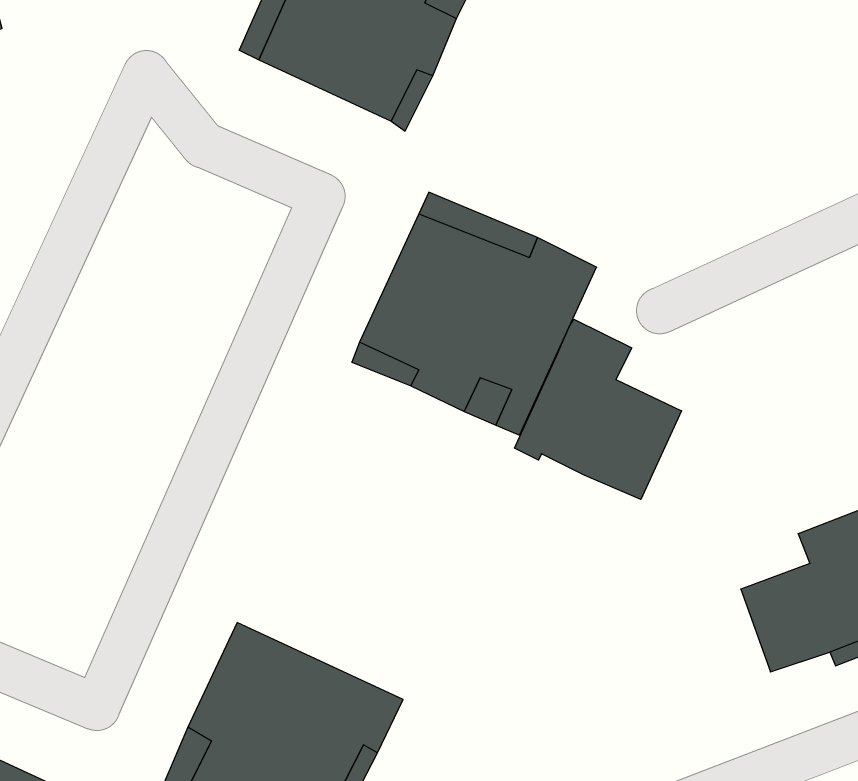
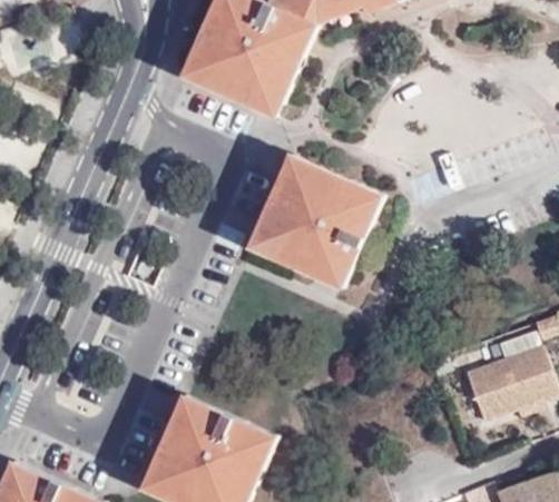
building: [514,319,682,499] -> none

